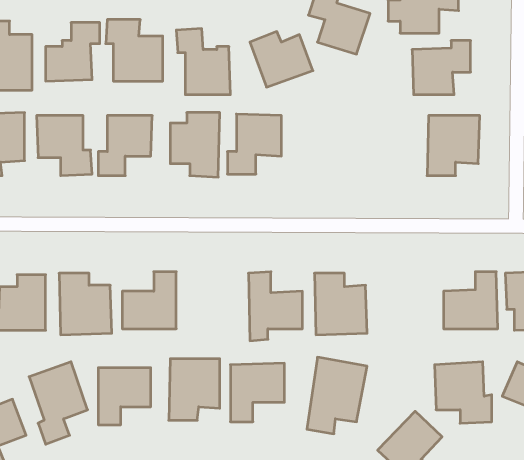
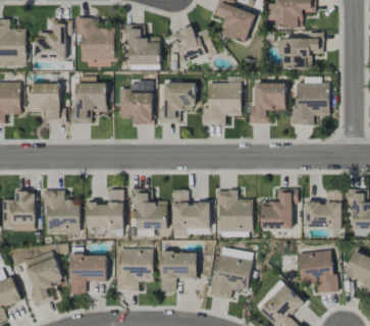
building: none -> [202,83,242,125]
building: none -> [249,83,285,123]
building: none -> [261,188,298,229]
building: none -> [131,192,167,236]

